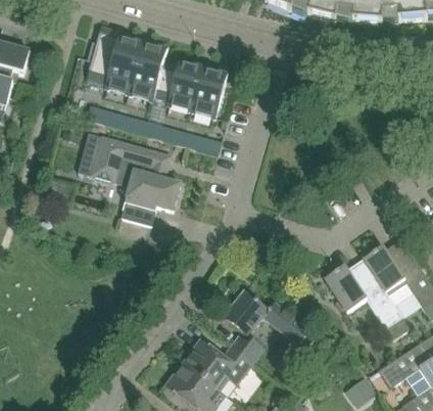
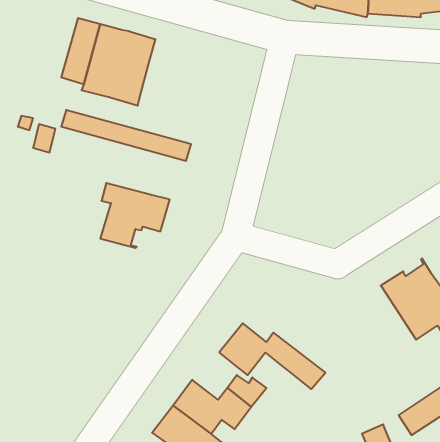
building: [154,58,228,118] -> none
building: [78,132,171,183] -> none
building: [325,257,410,338] -> none

